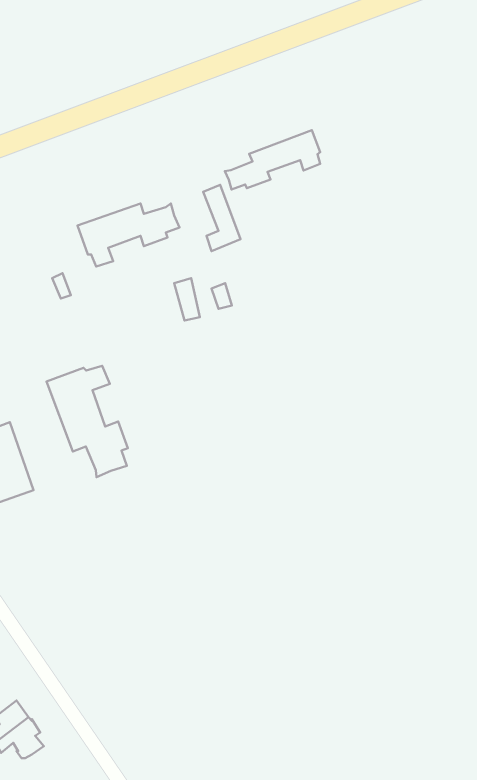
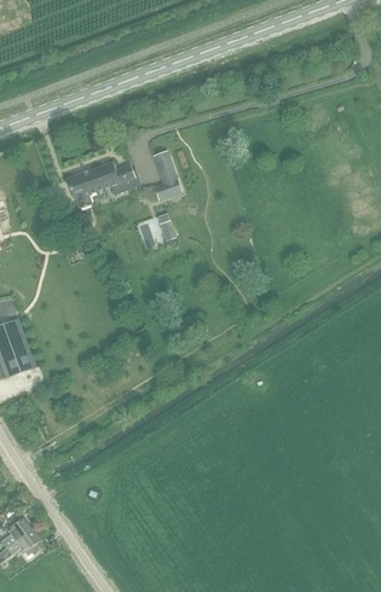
building: [225,130,320,189] -> none
building: [47,366,128,477] -> none

